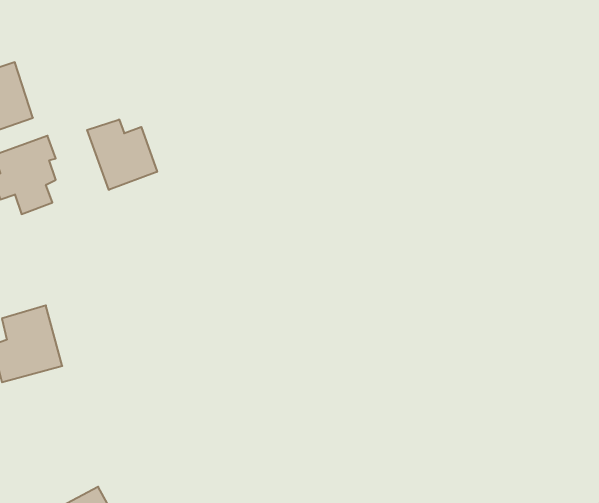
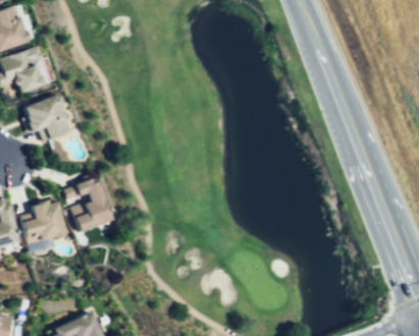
building: [87,119,157,190] -> none
building: none -> [65,177,112,231]

